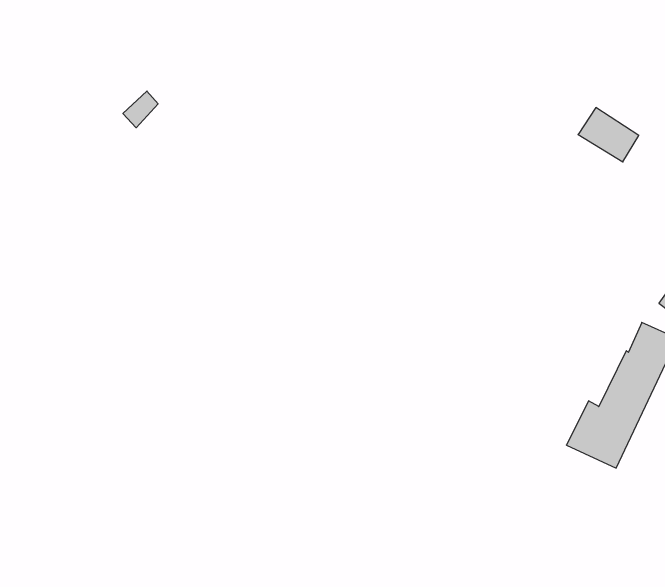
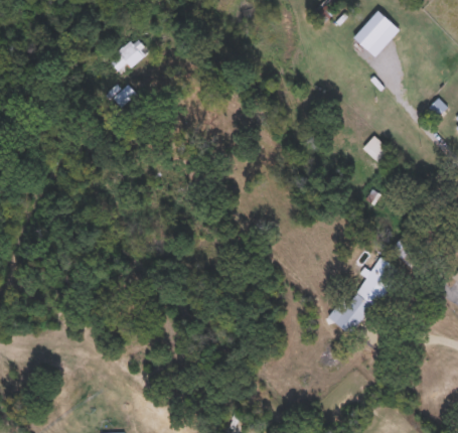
building: none -> [110,42,143,70]

